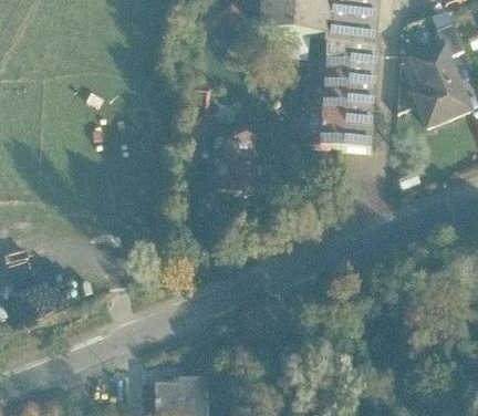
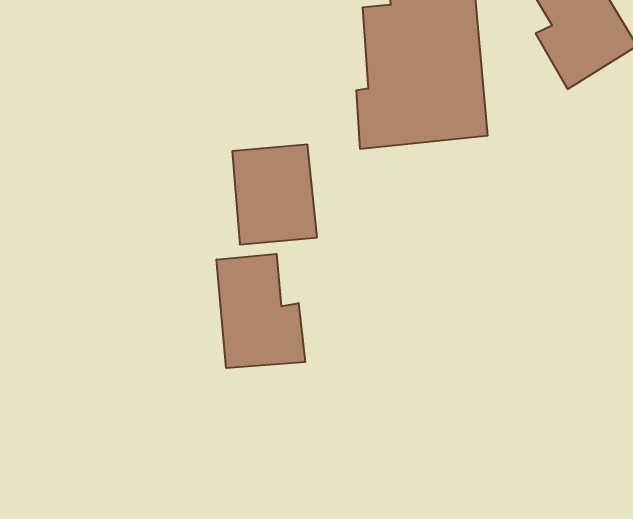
building: none -> [217,254,305,368]

